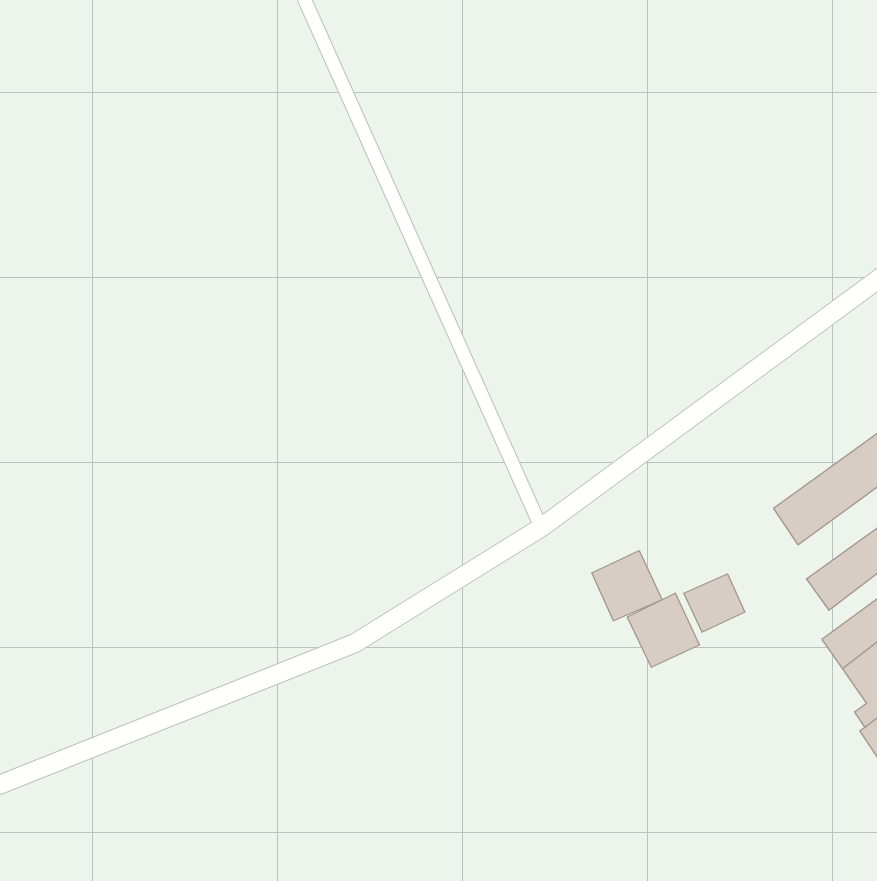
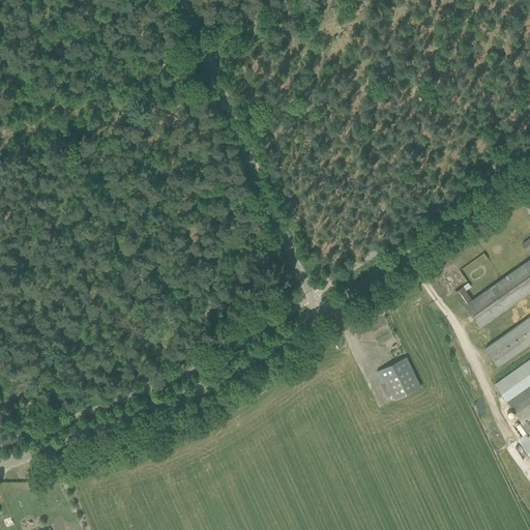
building: [592,551,662,621] -> none
building: [684,574,745,632] -> none

